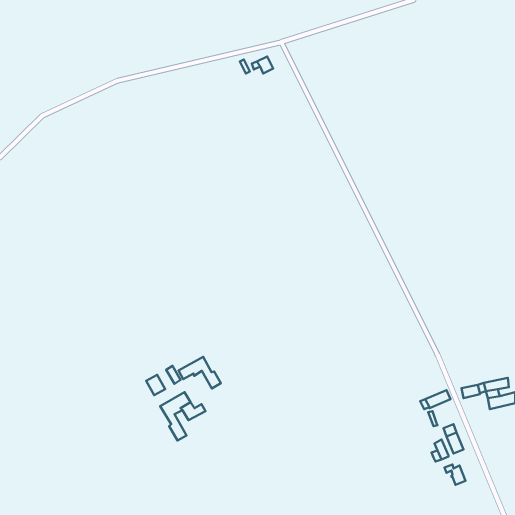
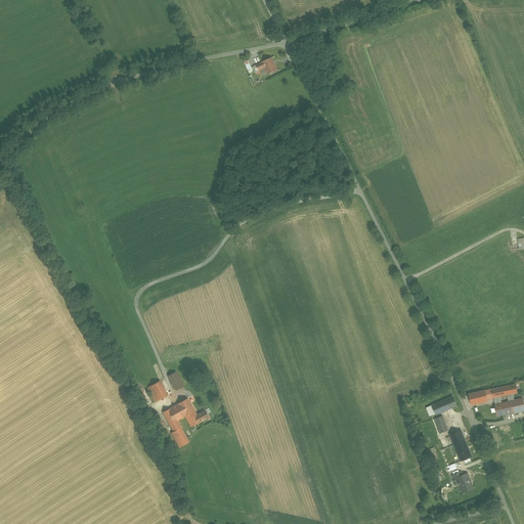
building: [179,357,221,388] -> none

